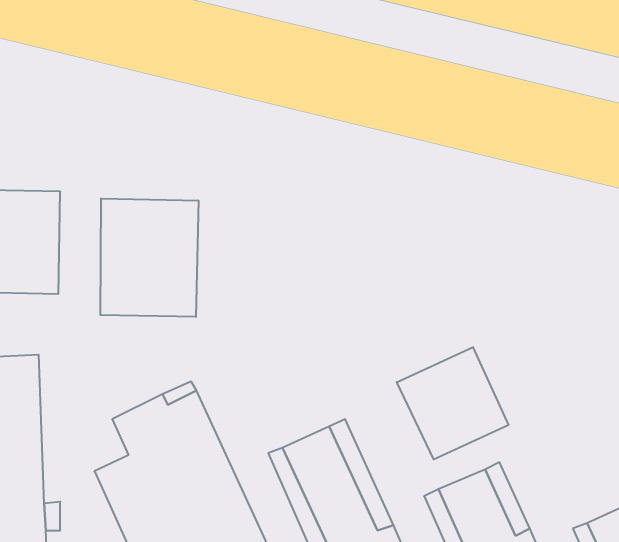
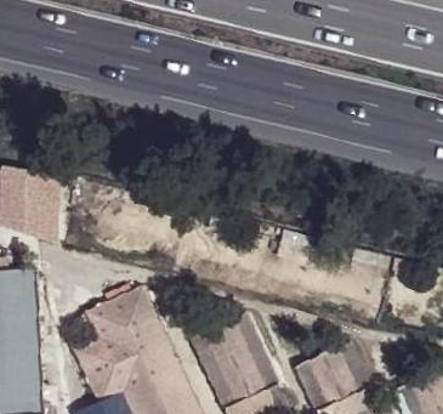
building: [100,198,198,317] -> none
building: [397,347,508,459] -> none

